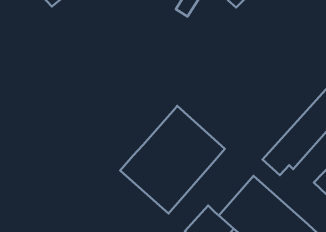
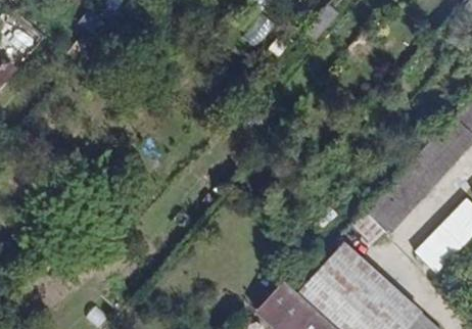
building: [120,106,225,214] -> none

